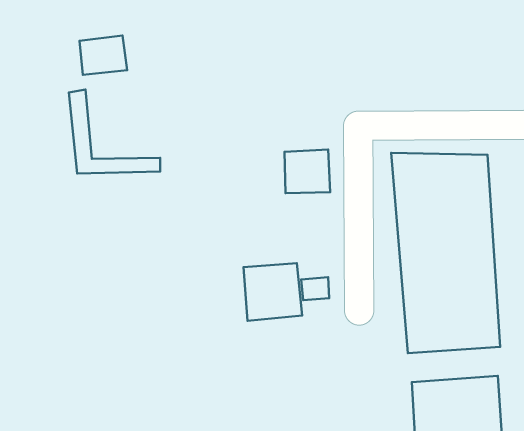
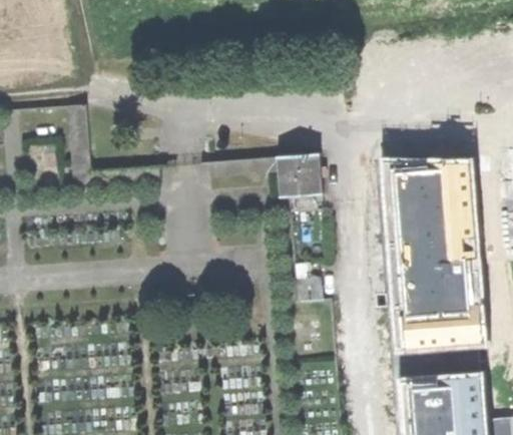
building: [79,36,127,75] -> none
building: [243,263,302,321] -> none

